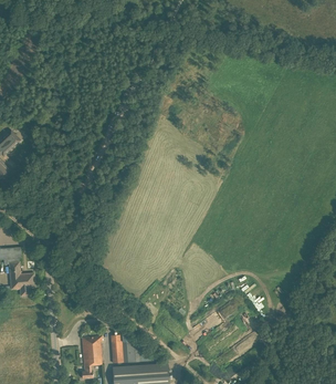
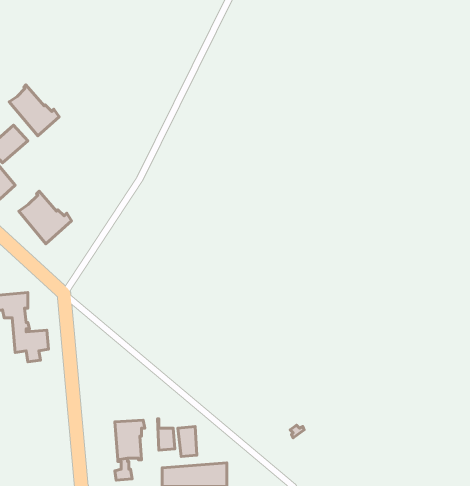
building: none -> [9,85,59,136]
building: none -> [19,191,72,244]

